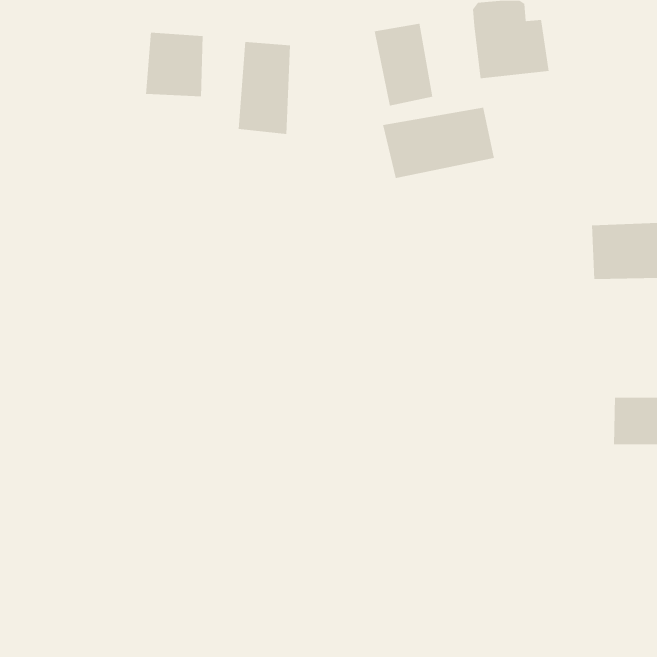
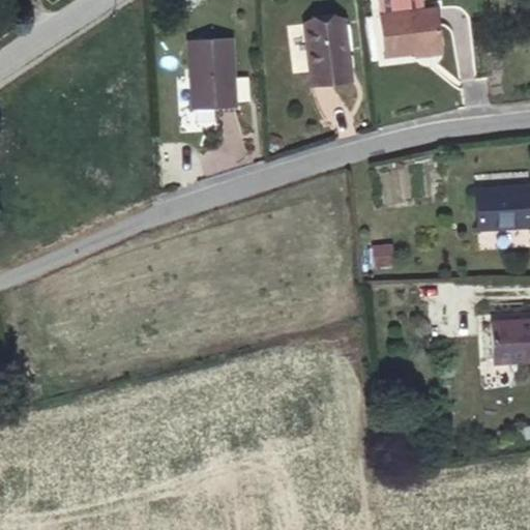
building: [146,32,203,97] -> none
building: [382,107,495,179] -> none

